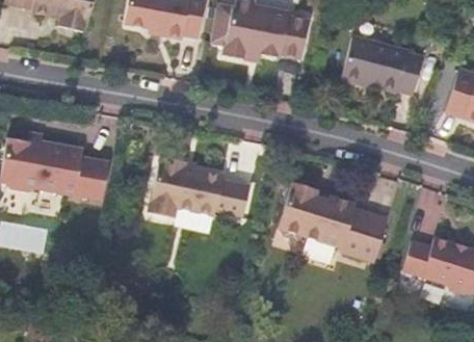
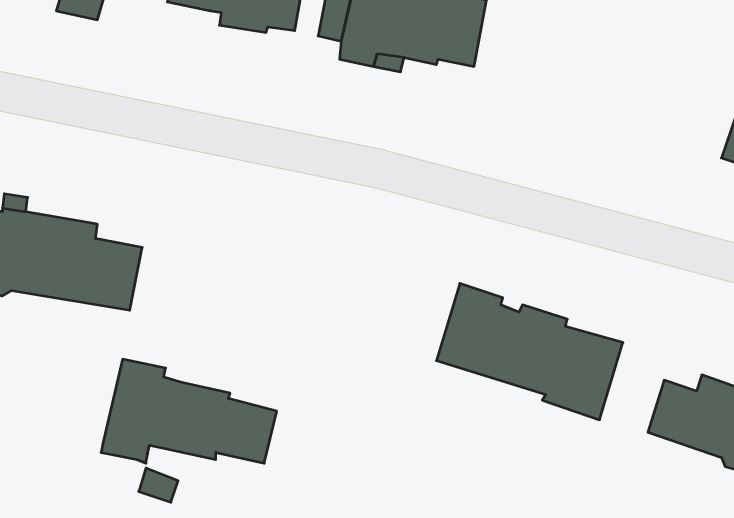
building: [343,36,424,96] -> none
building: [150,157,252,217] -> [101,359,277,463]

